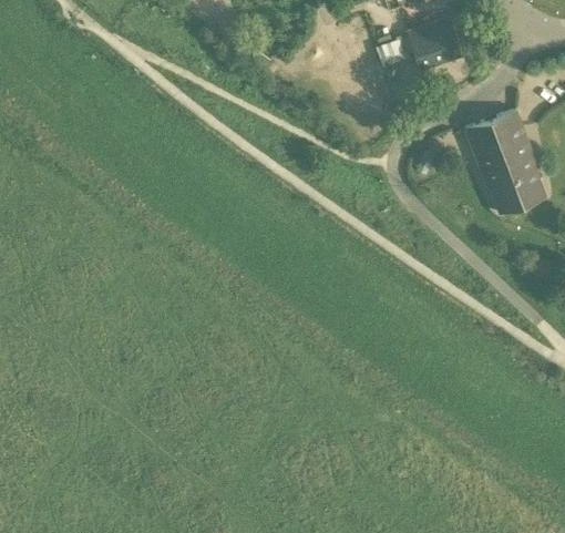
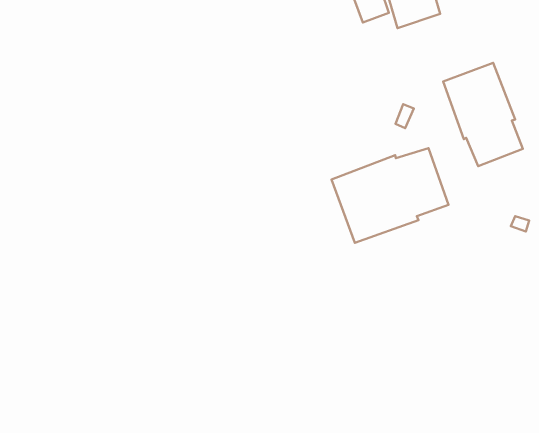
building: none -> [331,148,449,243]

